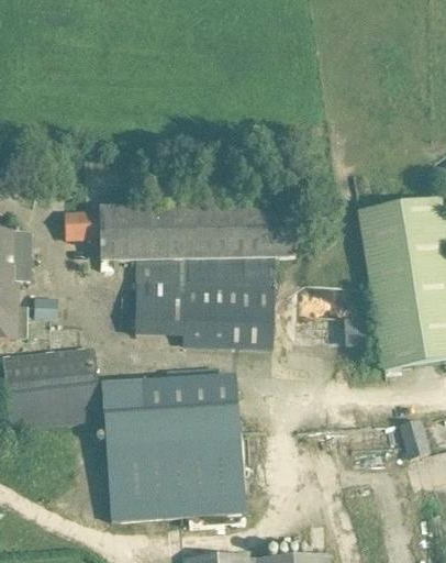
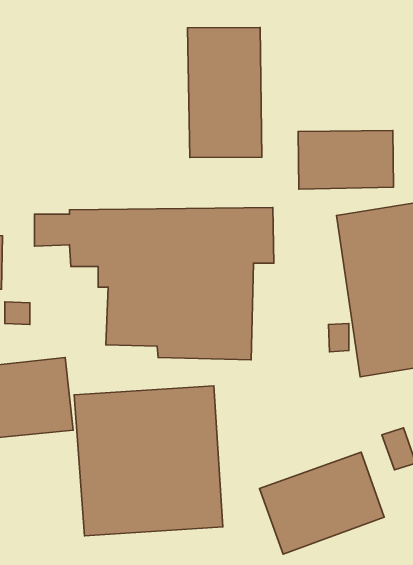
building: none -> [187,27,262,157]
building: none -> [298,130,394,189]
building: none -> [260,452,384,554]

